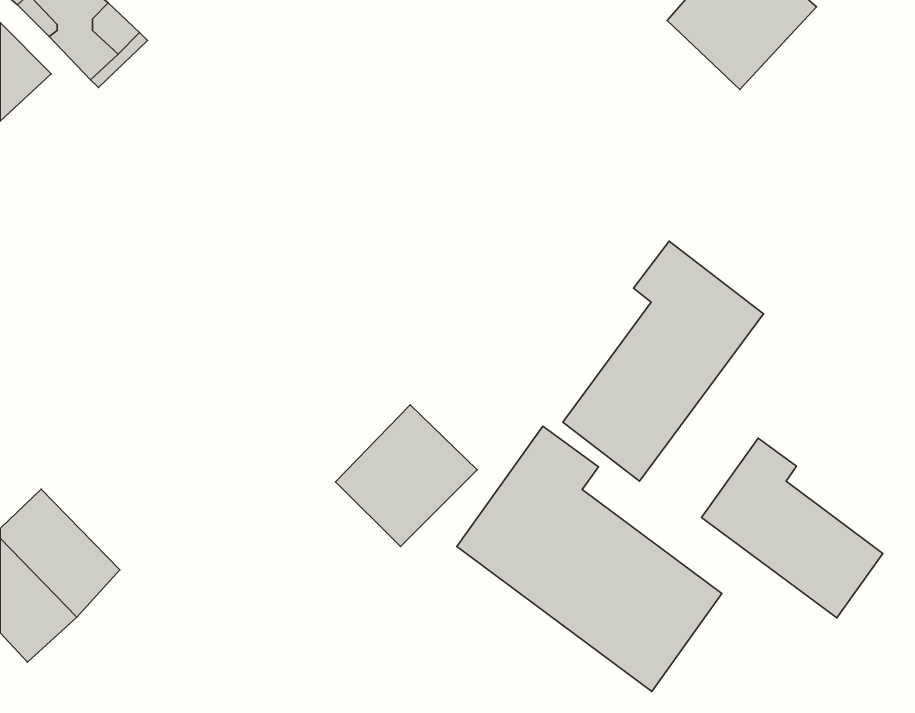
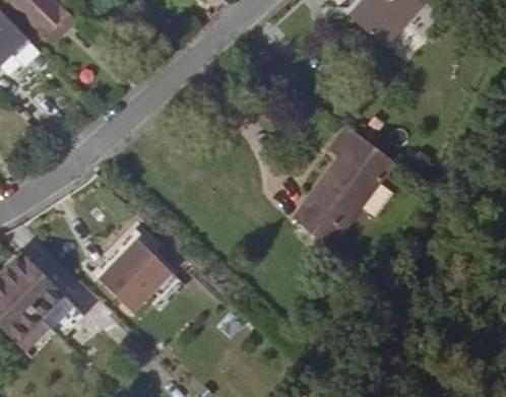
building: [336,405,477,547] -> [99,239,172,312]
building: [457,426,722,691] -> none
building: [702,438,883,618] -> none

